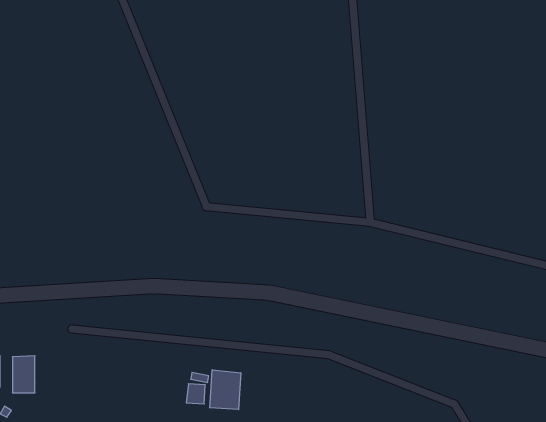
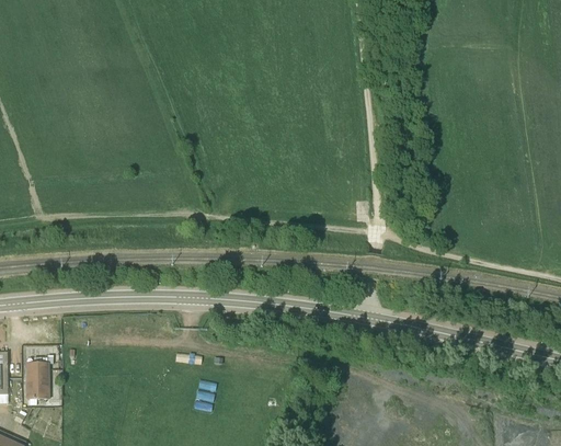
building: [210,370,241,410] -> none

